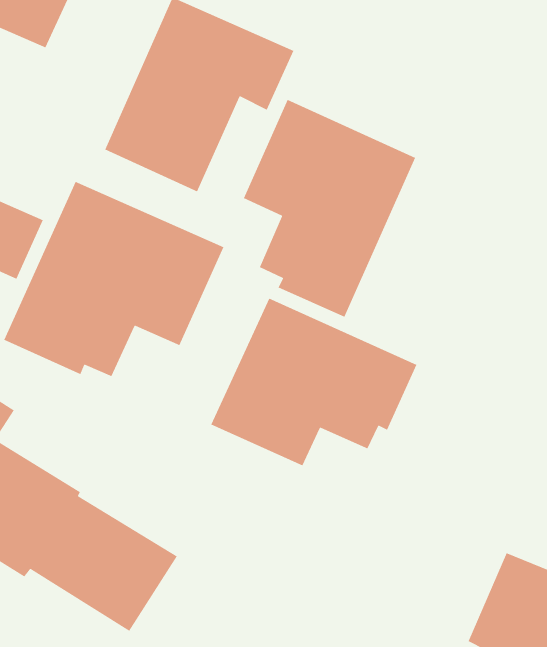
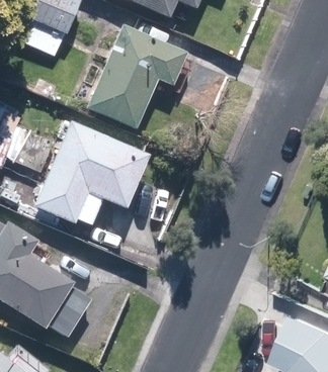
building: [243,99,416,318] -> none
building: [210,297,417,466] -> none

